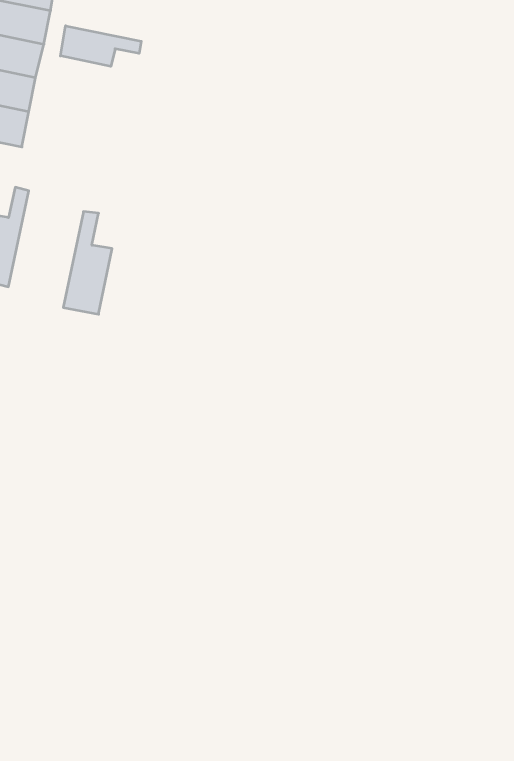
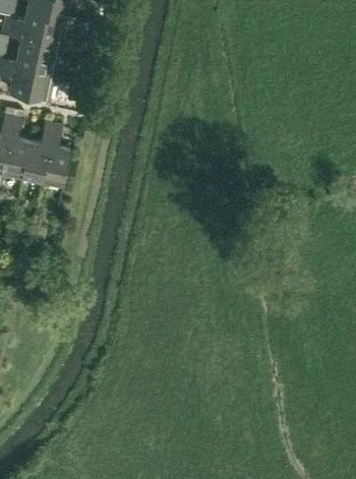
building: [60,26,141,66] -> none
building: [63,212,112,314] -> [41,125,70,187]

